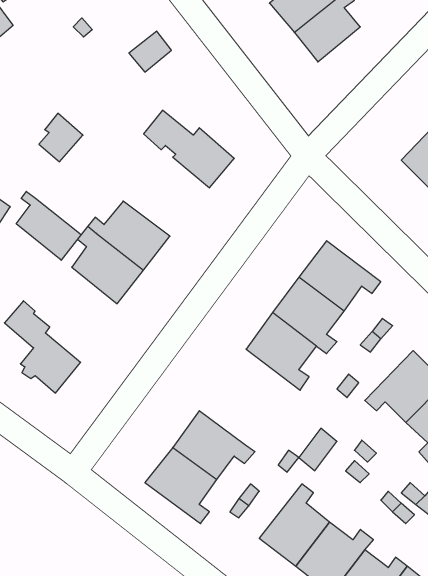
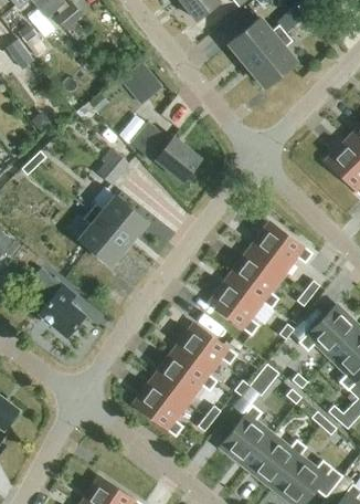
building: [39,113,83,162] -> [96,148,129,185]
building: [16,191,81,260] -> none
building: none -> [174,324,236,376]

